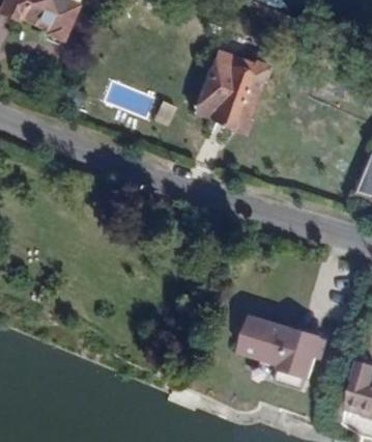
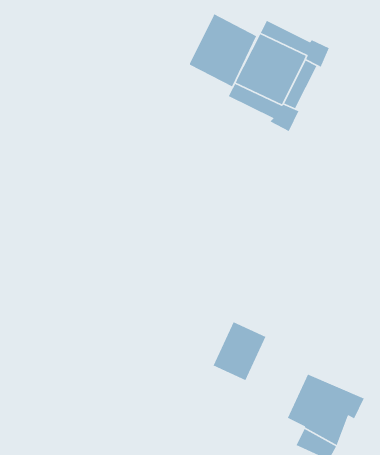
building: none -> [189,13,257,87]
building: [238,314,279,361] -> [212,321,267,381]

